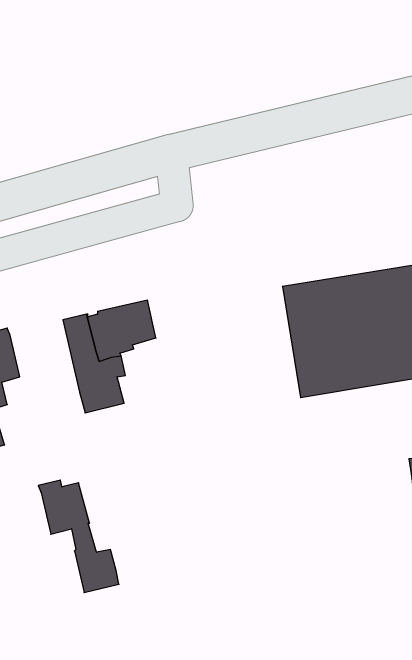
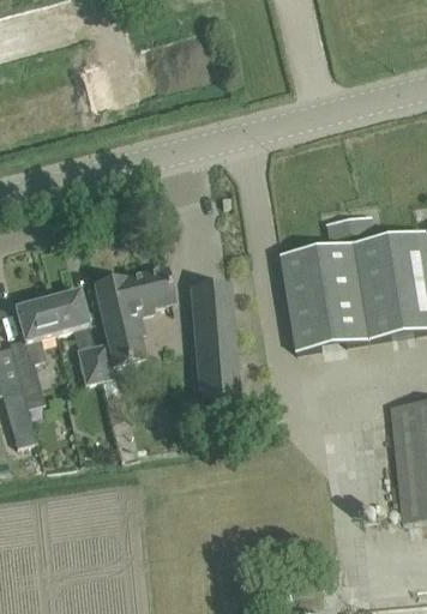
building: none -> [192,284,241,421]
building: [38,480,119,593] -> [44,285,114,383]

